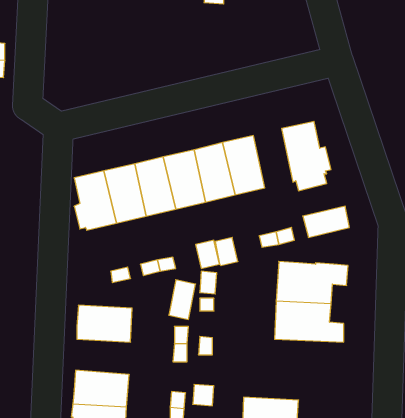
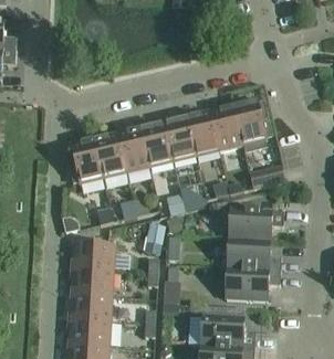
building: none -> [210,104,241,150]
building: none -> [71,268,114,296]
building: none -> [225,268,281,300]

